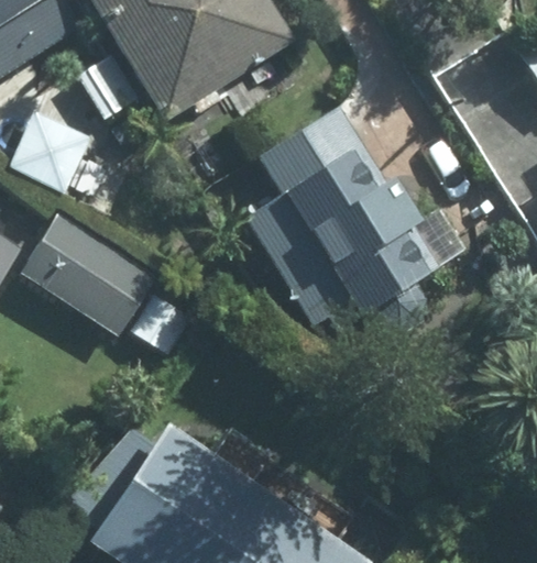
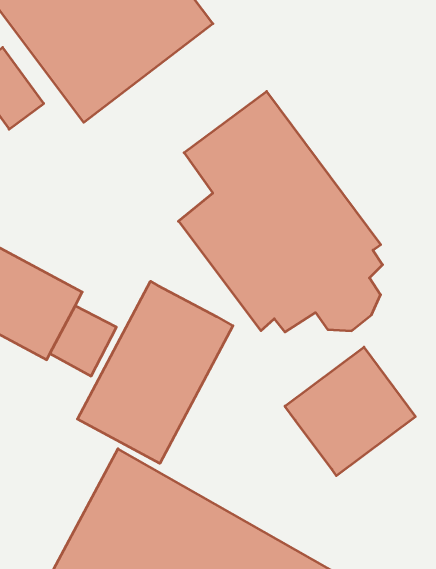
building: none -> [77,281,233,463]
building: none -> [285,347,415,476]

